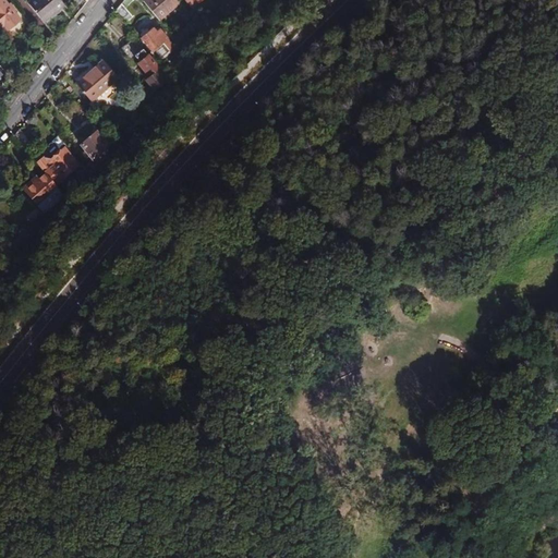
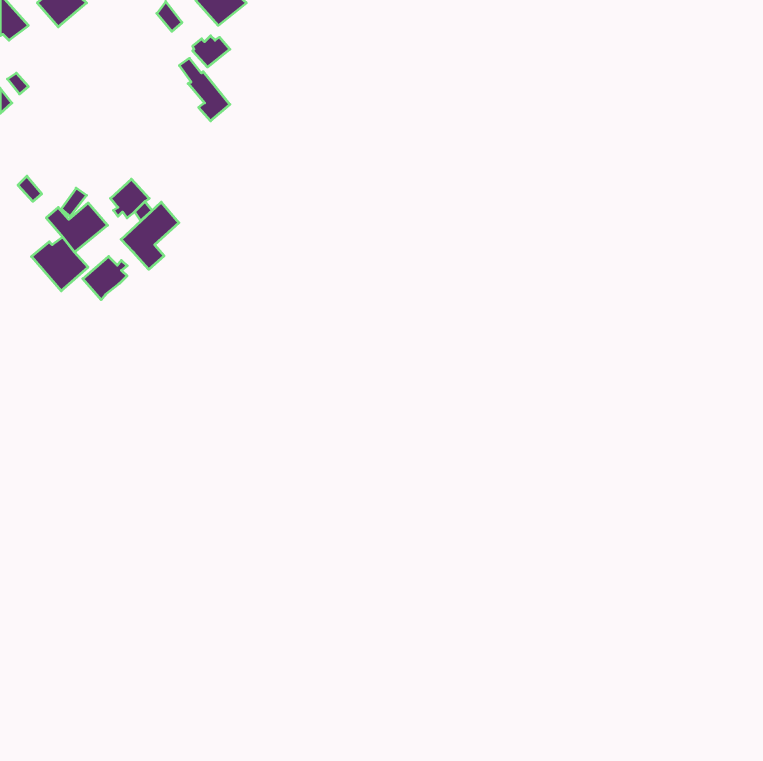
building: [76,59,118,100] -> none
building: none -> [121,202,179,269]
building: none -> [83,256,127,300]

